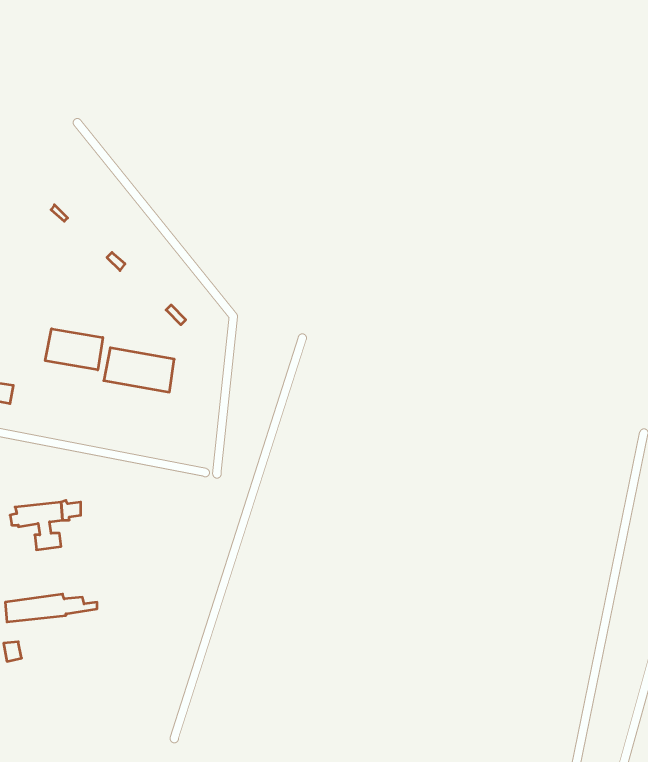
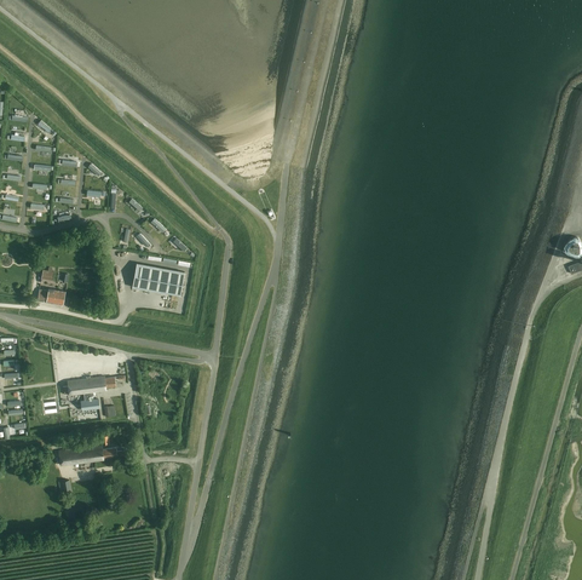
building: [45,329,103,370] -> none

